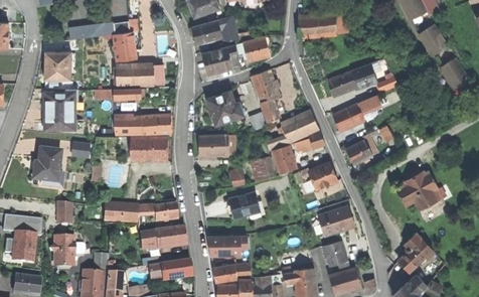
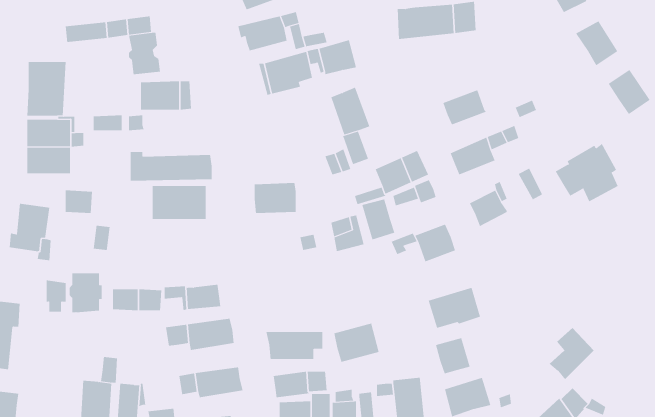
building: [351,62,377,86] -> none
building: [206,91,244,126] -> none
building: [396,170,440,210] -> [555,143,618,202]
building: [228,192,260,219] -> [334,323,379,363]
building: [52,237,75,264] -> [69,273,103,313]

